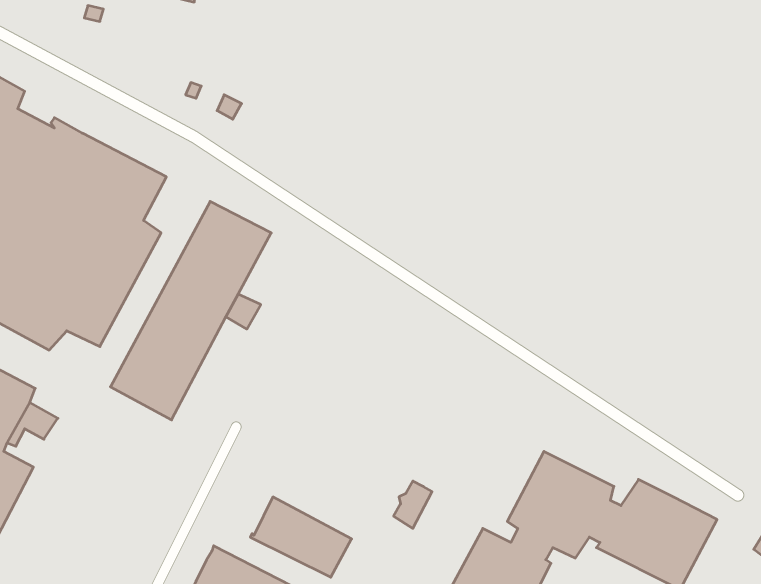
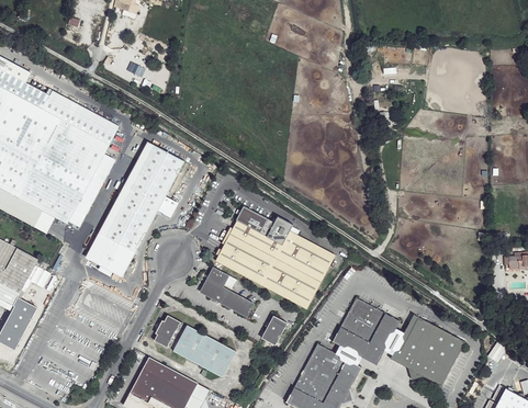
building: none -> [214,205,335,309]
building: none -> [199,267,255,319]
building: none -> [153,315,182,349]

